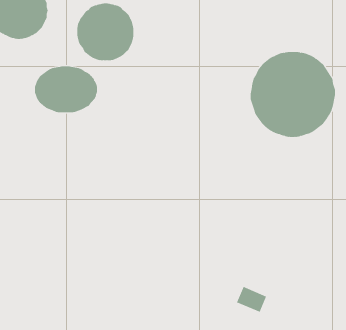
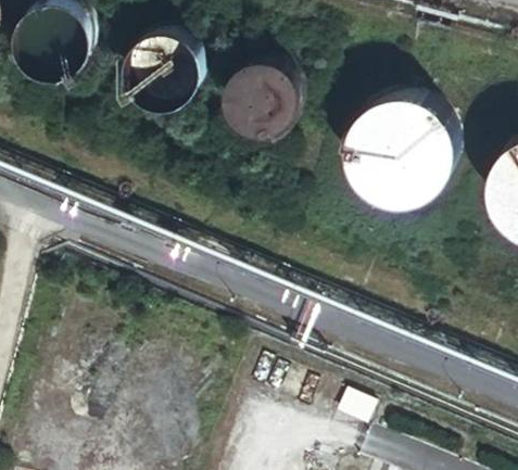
building: none -> [225,65,299,139]
building: [34,66,98,113] -> none

